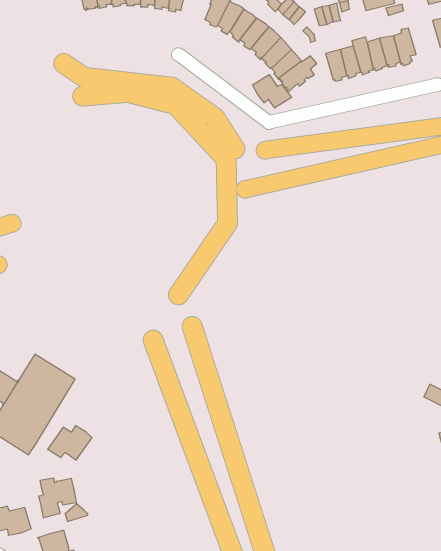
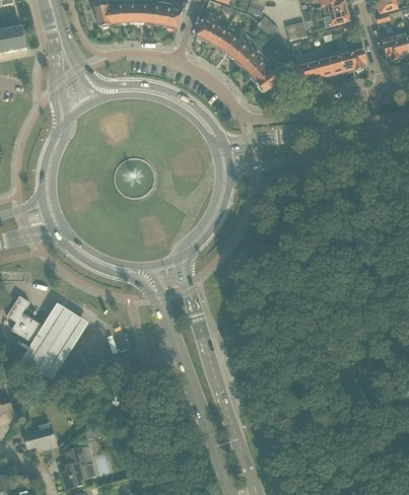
building: [253,75,291,108] -> none
building: [48,426,92,460] -> none
building: [39,478,76,518] -> none

